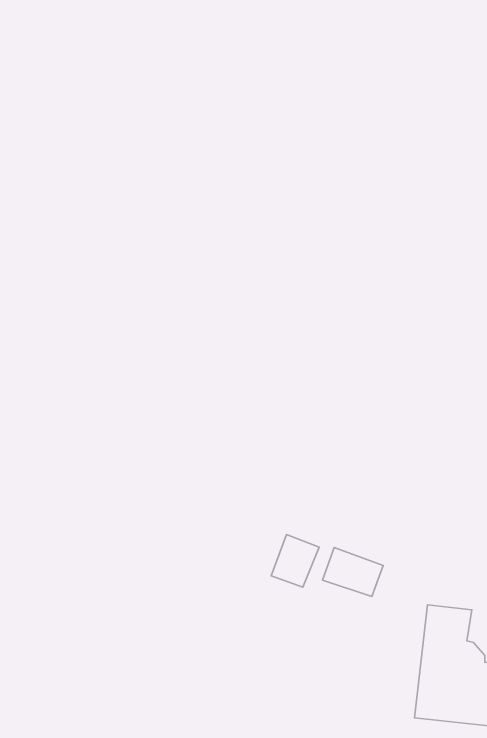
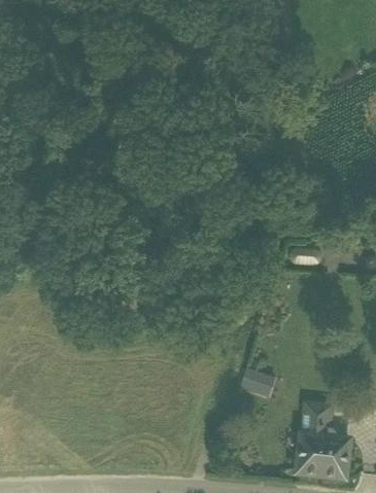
building: [271,534,319,587] -> none

